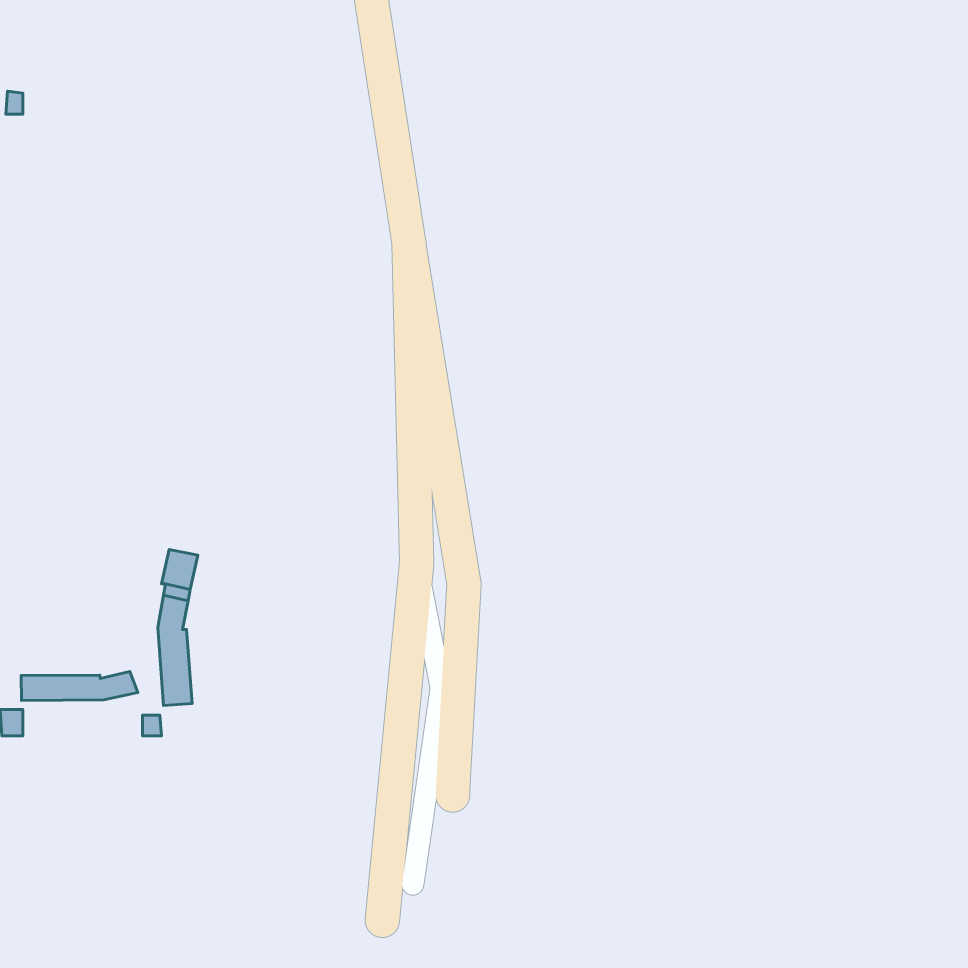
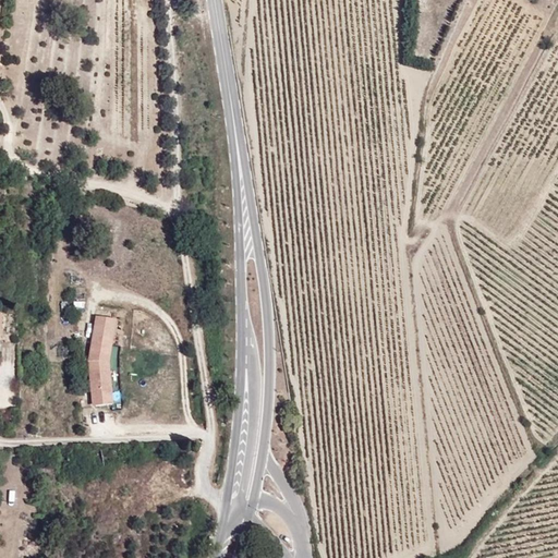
building: [21,672,138,700] -> none

